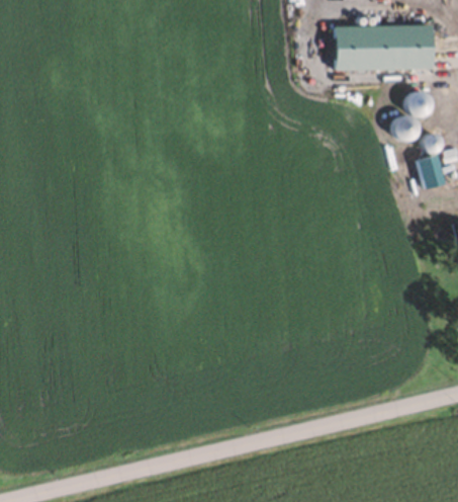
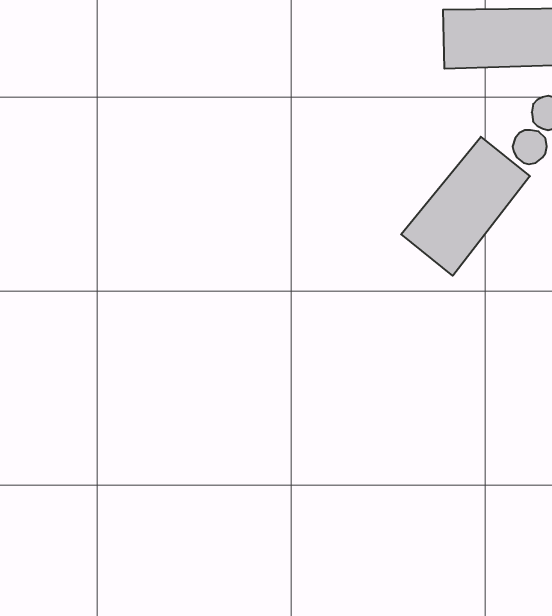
building: none -> [401,137,530,276]

